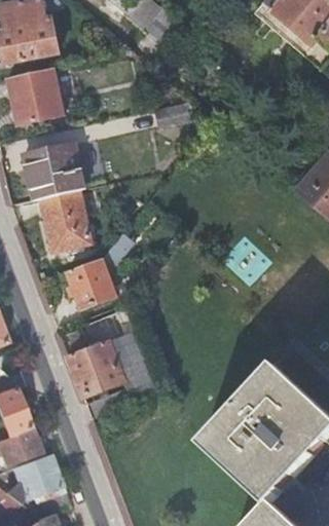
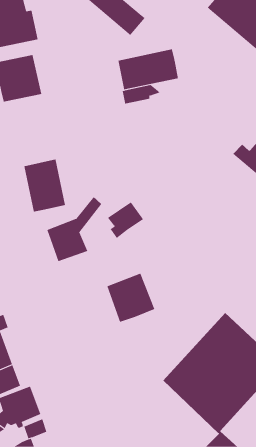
building: none -> [118,49,178,90]
building: [23,141,84,198] -> none
building: none -> [107,201,144,239]
building: [68,338,124,396] -> [106,273,155,323]

